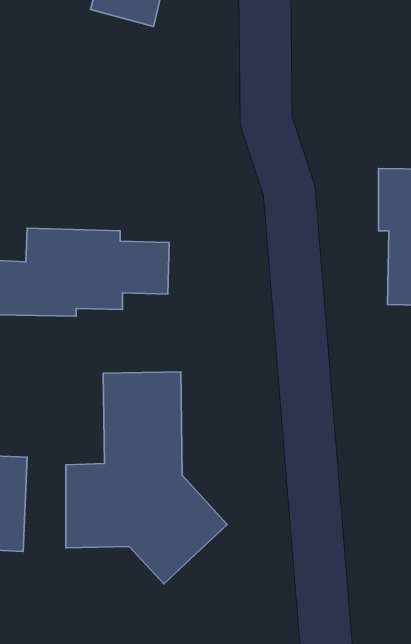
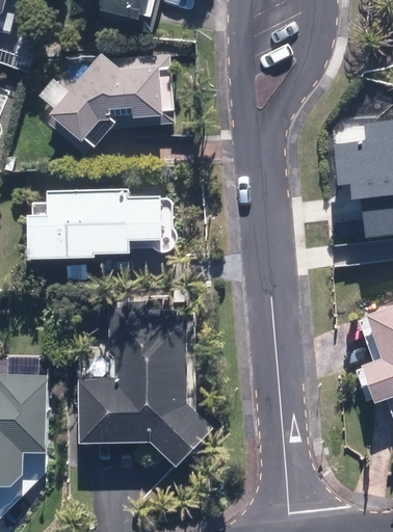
building: none -> [47,51,171,152]

